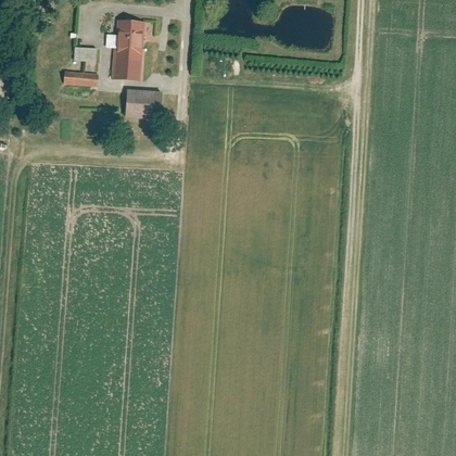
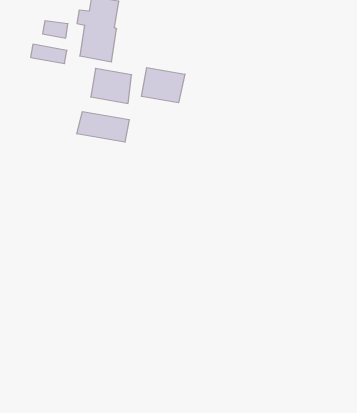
building: none -> [141,68,185,103]
building: none -> [77,112,129,142]

